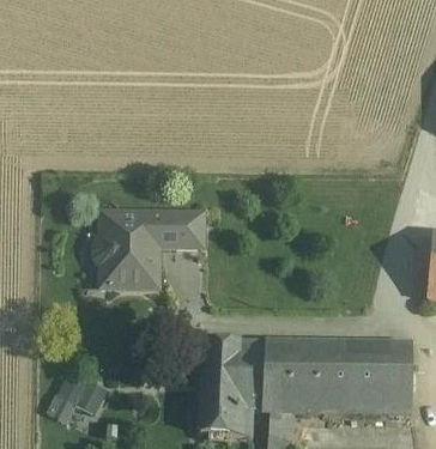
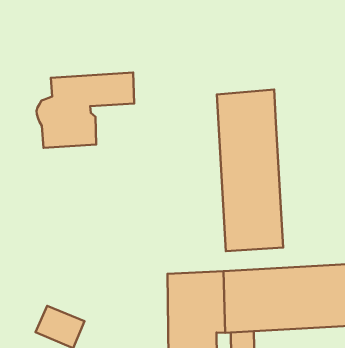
building: none -> [217,89,283,251]
building: [95,213,202,289] -> [37,73,134,148]

